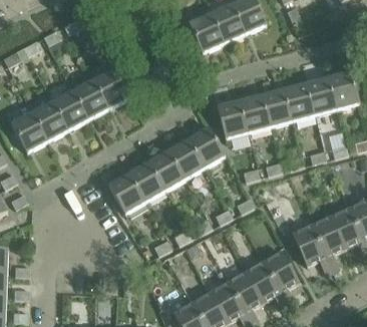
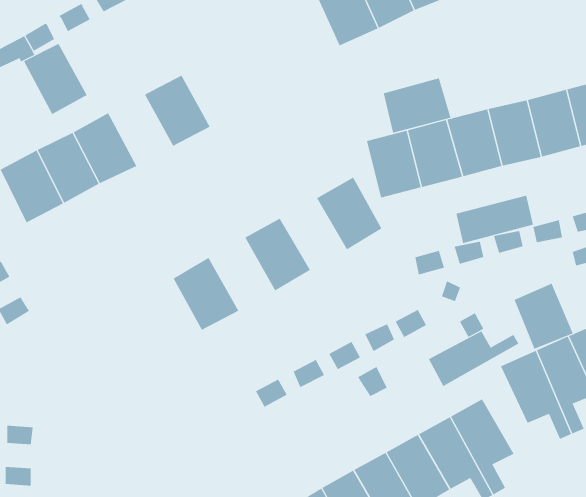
building: none -> [383,78,451,134]
building: [72,80,108,120] -> [23,43,88,115]
building: none -> [456,195,533,244]
building: [168,138,206,179] -> none
building: [128,160,165,202] -> none
building: none -> [514,283,573,349]
building: none -> [428,331,519,387]

